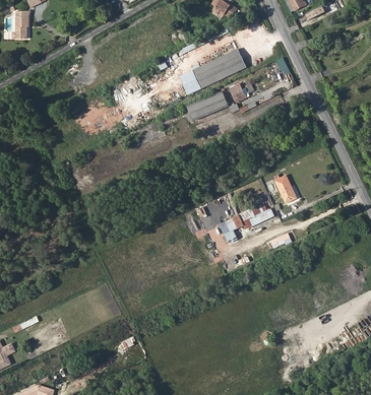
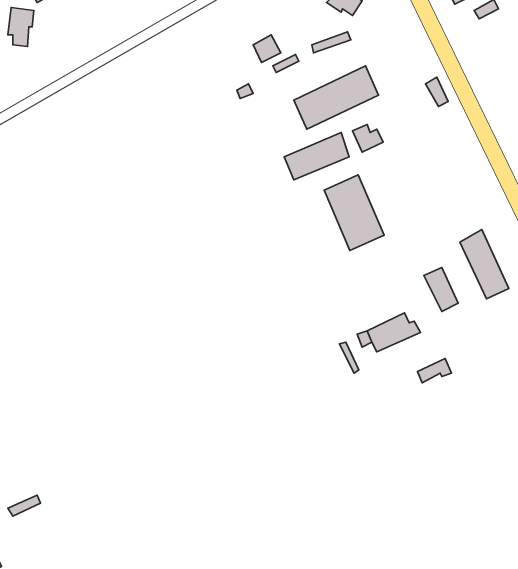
building: none -> [324,175,384,250]
building: none -> [460,230,509,299]

